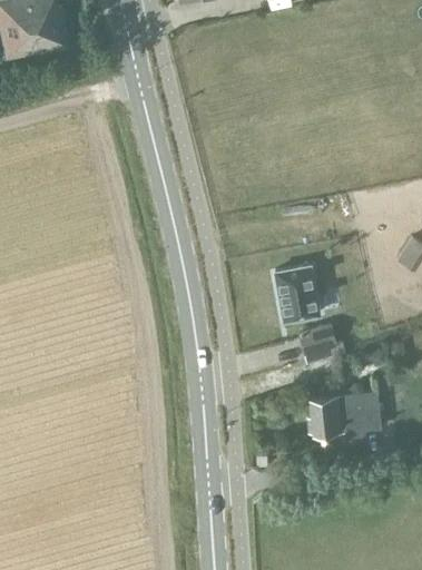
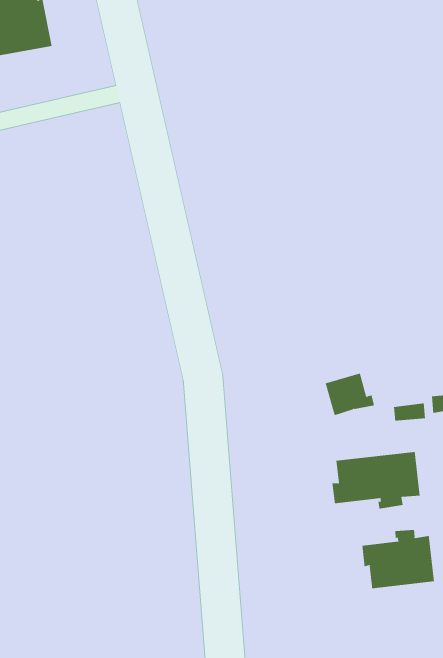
building: [275,264,318,320] -> none
building: none -> [362,529,434,589]

